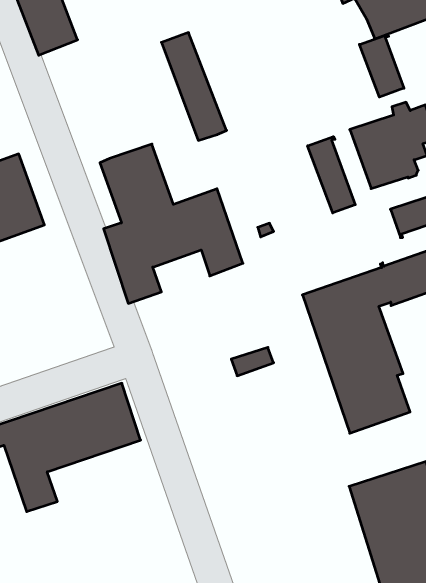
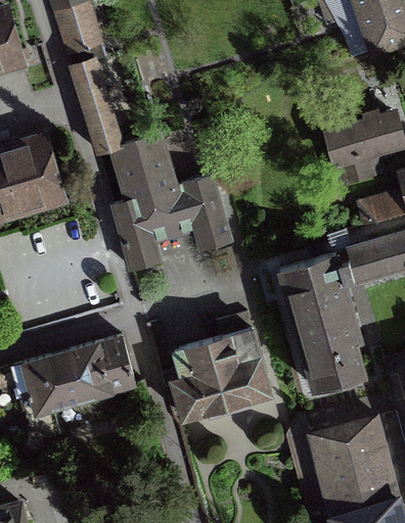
building: [161,33,227,140] -> [72,60,123,152]
building: [359,35,404,97] -> none
building: [308,137,355,213] -> none
building: none -> [162,328,271,417]

